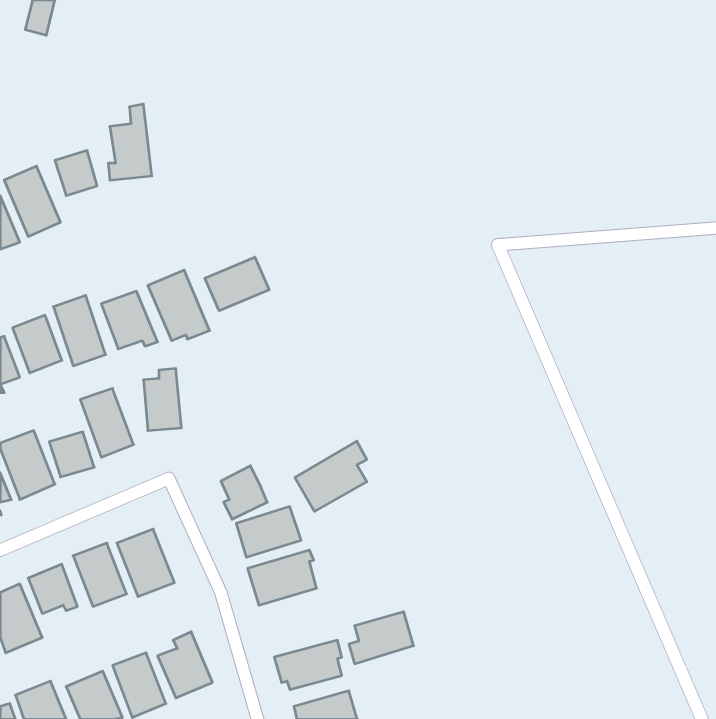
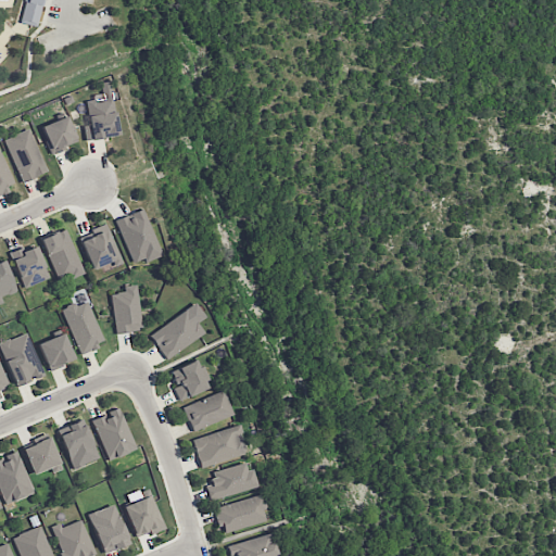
building: [205,257,269,311] -> none
building: [295,441,367,511] -> [151,304,206,358]
building: [349,612,414,664] -> [207,460,257,501]

